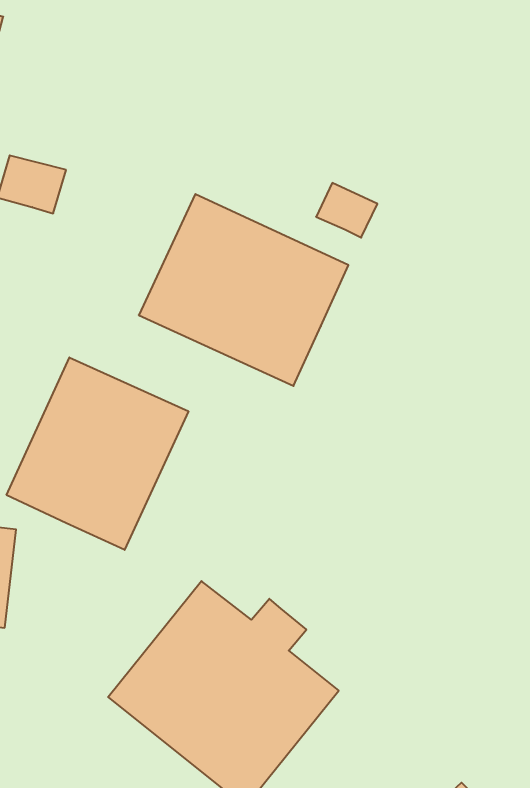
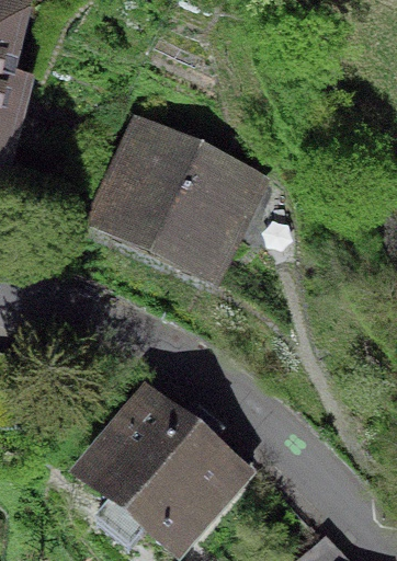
building: [7,357,188,550] -> none

